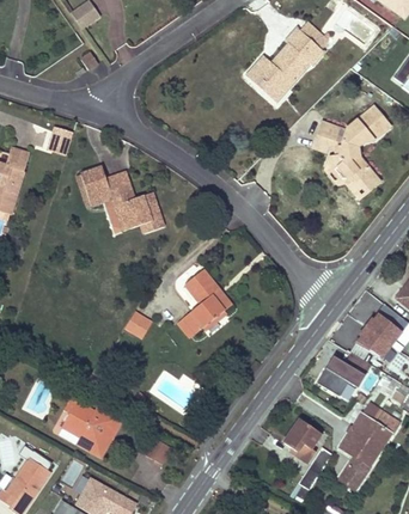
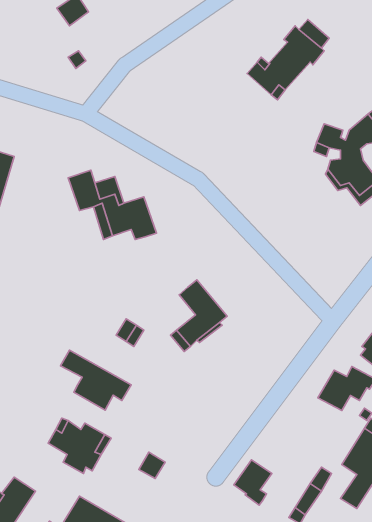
building: none -> [60,350,131,410]
building: [282,420,318,463] -> [234,460,272,505]

